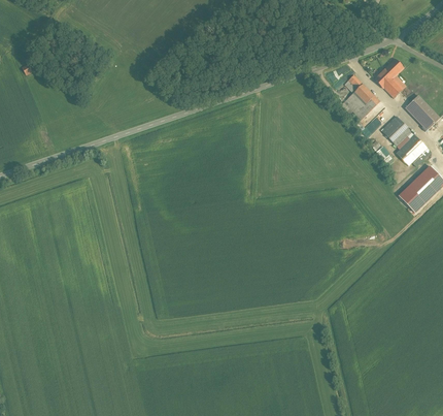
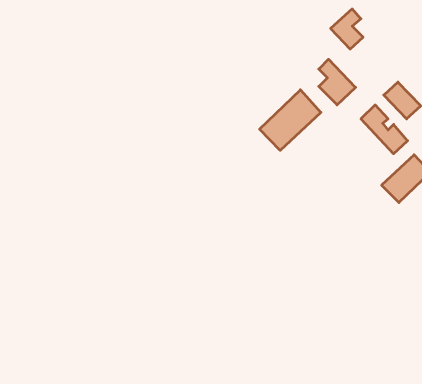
building: [374,59,405,97] -> [331,9,363,49]
building: none -> [260,90,321,150]

